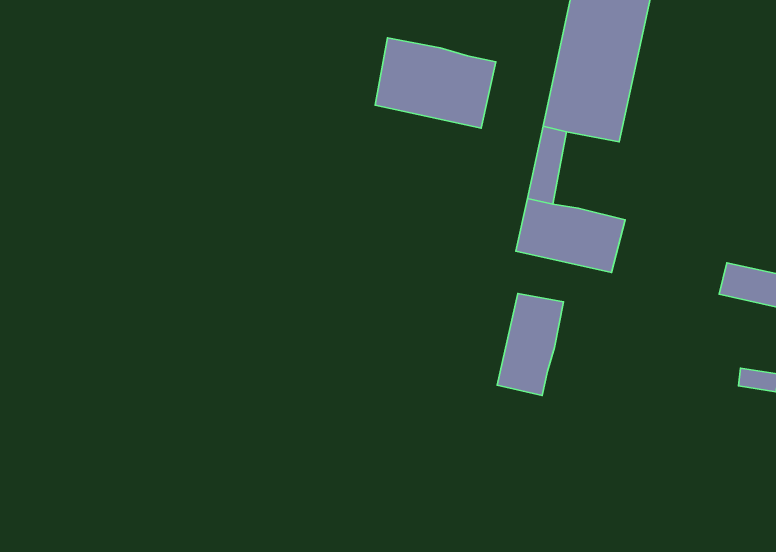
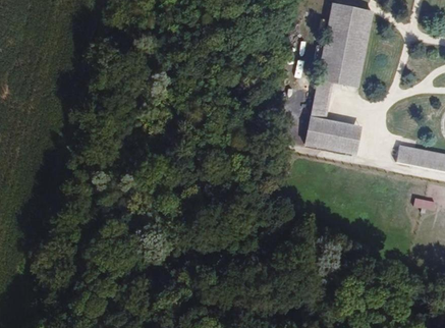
building: [375,38,496,128] -> none
building: [497,293,564,395] -> none

